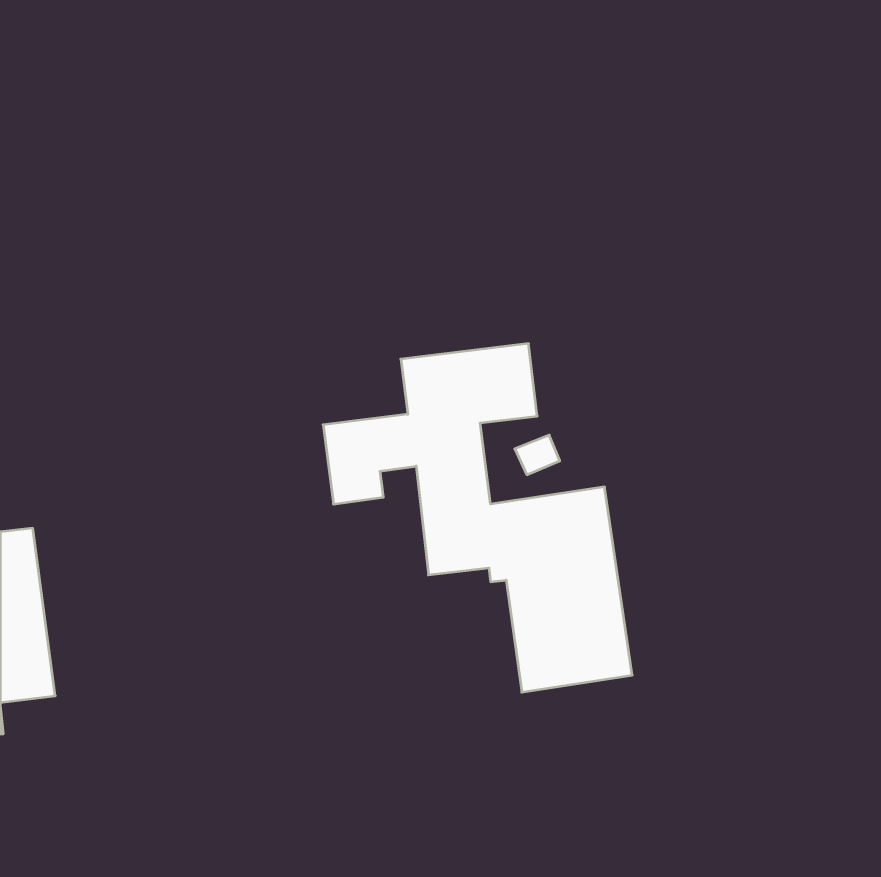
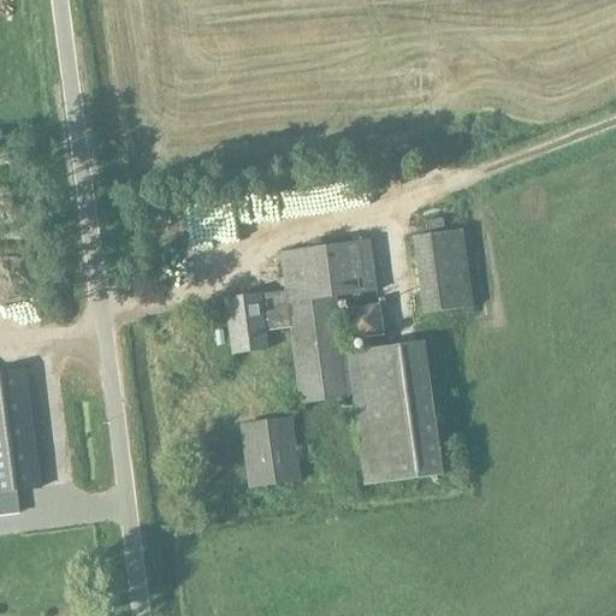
building: none -> [413,230,473,314]
building: none -> [243,417,300,484]

